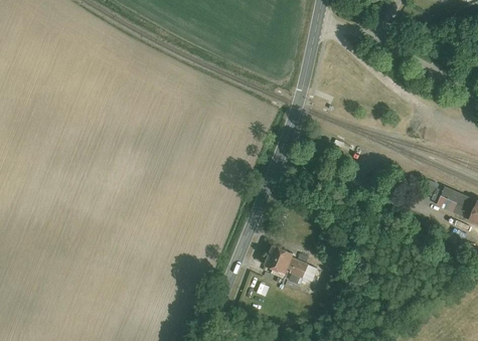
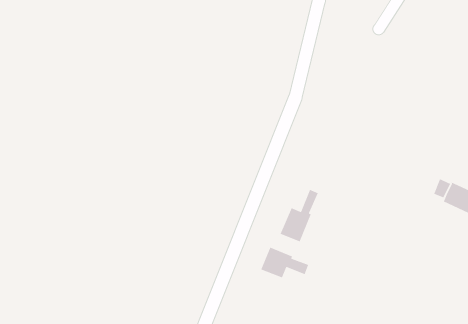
building: none -> [280,189,319,243]

